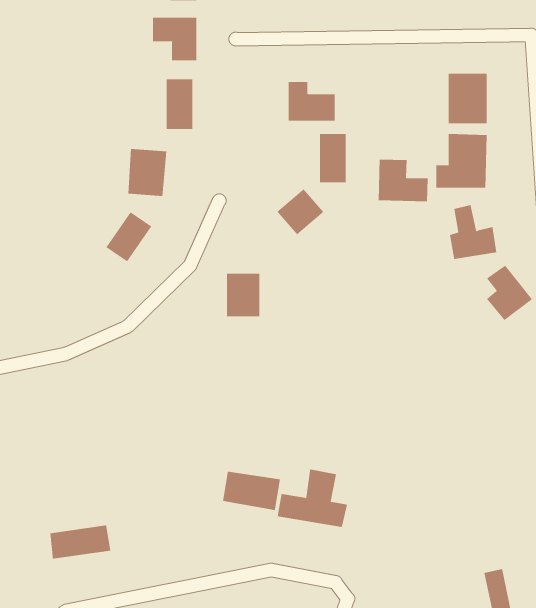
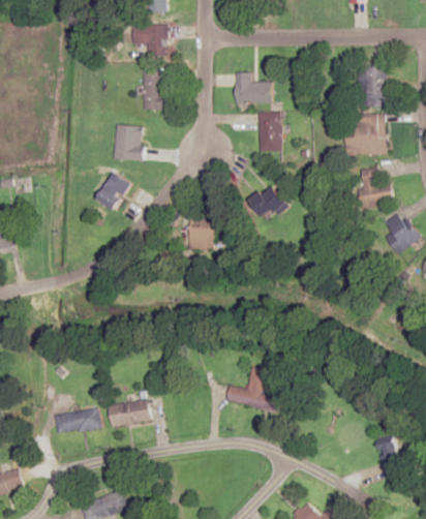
building: [378,159,428,202] -> none
building: [276,188,324,235] -> [249,184,285,219]
building: [222,471,280,511] -> none
building: none -> [109,400,151,426]

